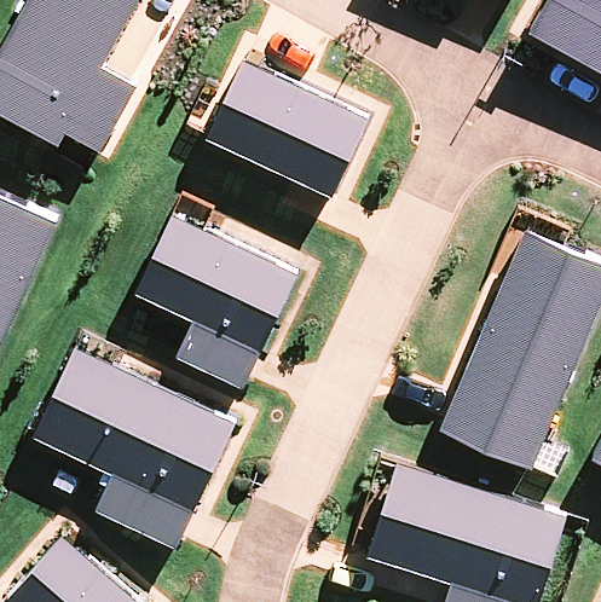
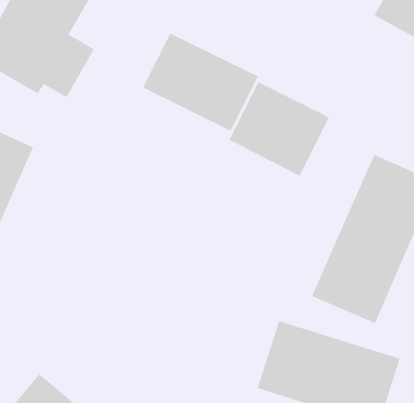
building: none -> [229,81,330,177]
building: [132,213,300,392] -> none
building: [30,346,235,542] -> none

